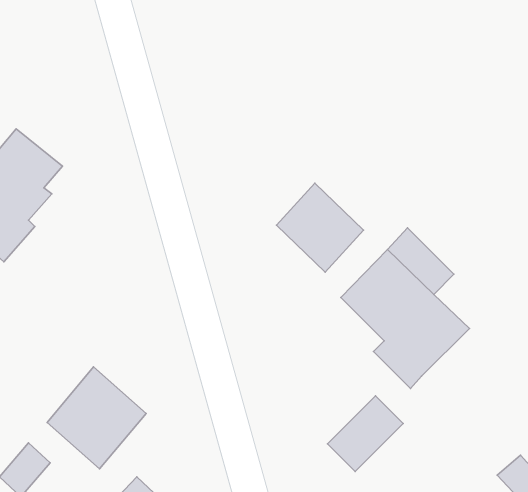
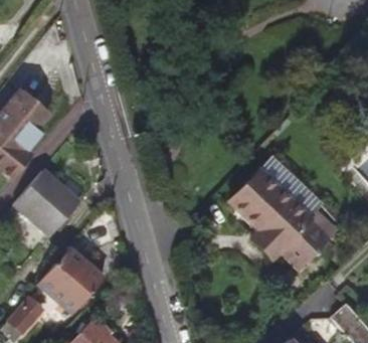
building: [277,183,363,272] -> none
building: none -> [14,169,79,234]
building: [327,396,403,472] -> [283,222,332,272]

